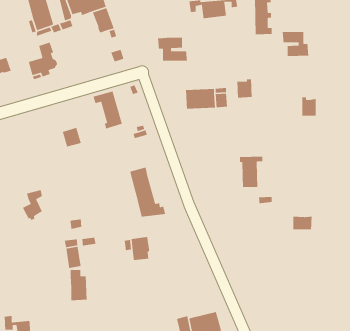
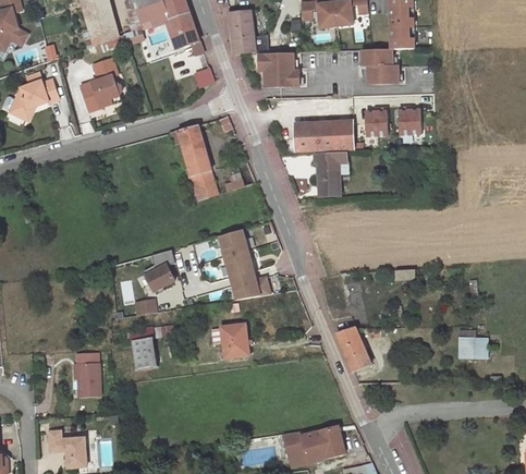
building: none -> [229,11,255,54]
building: [282,31,309,57] -> [360,50,397,85]
building: [301,97,317,117] -> [399,108,419,135]
building: [62,127,82,148] -> [189,171,217,199]
building: [239,156,263,188] -> [314,153,346,196]
building: [22,189,43,221] -> [145,250,173,293]
building: [293,216,313,230] -> [460,338,487,357]
building: none -> [335,328,369,370]
building: [70,269,87,301] -> [75,352,99,396]

